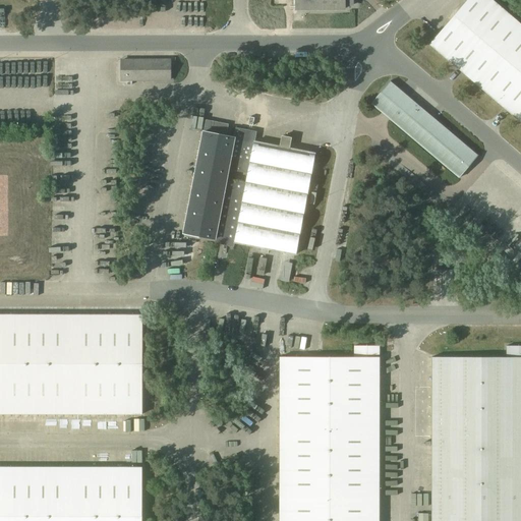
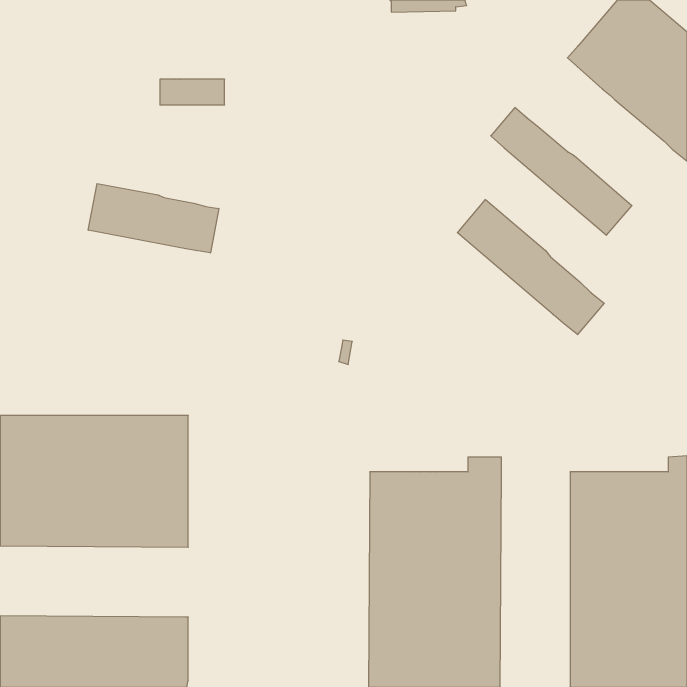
building: [183,120,315,254] -> none
building: none -> [88,184,219,253]
building: none -> [457,200,604,335]

